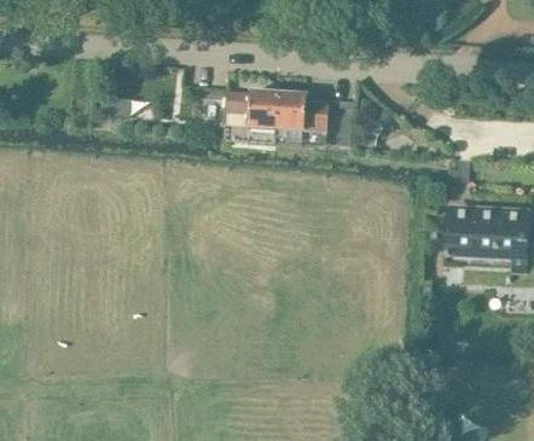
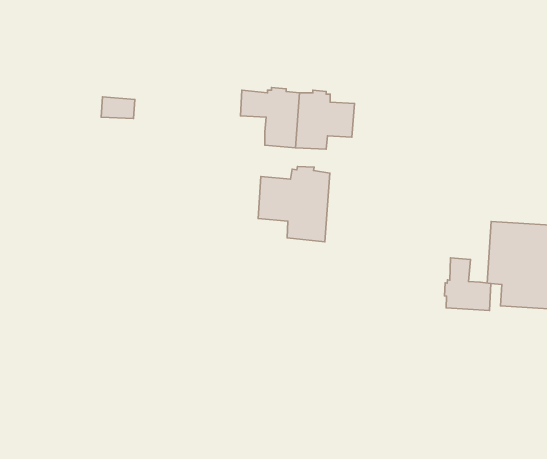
building: none -> [258,167,330,242]
building: none -> [444,258,491,310]

